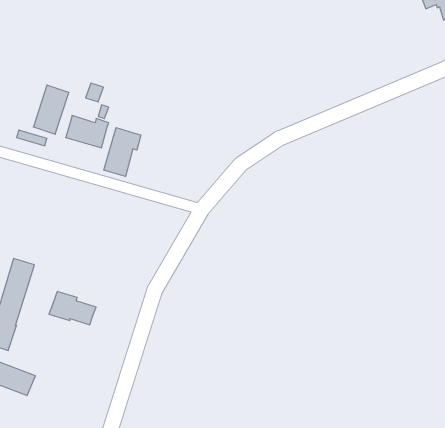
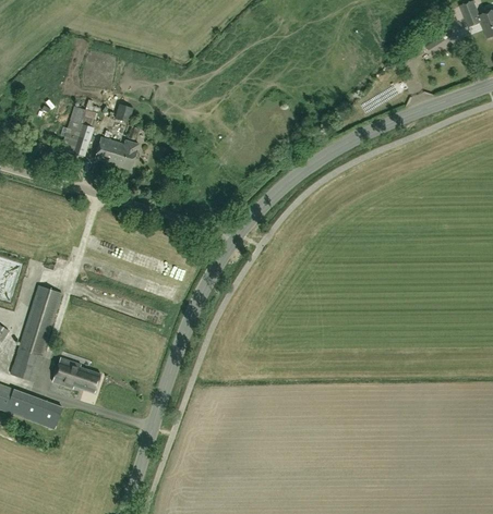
building: [104,128,141,177] -> none
building: [49,291,96,325] -> [51,357,100,392]

